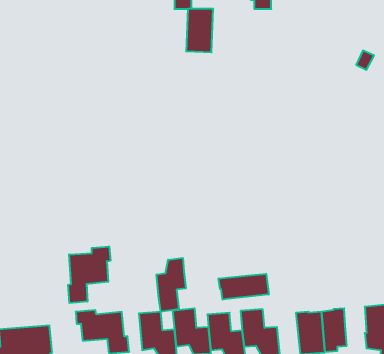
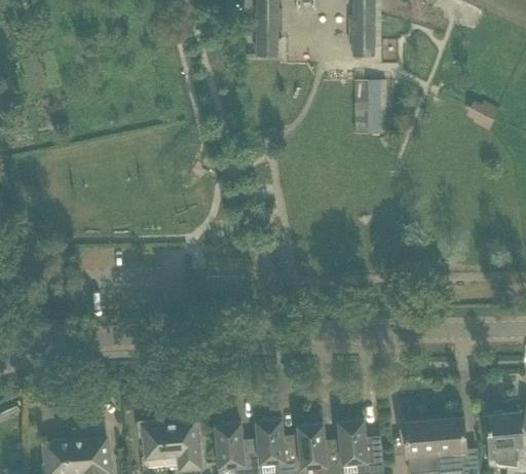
building: [186,9,213,52] -> [355,78,388,131]
building: [68,246,110,303] -> none
building: [157,258,186,312] -> none
building: [219,274,269,300] -> none

